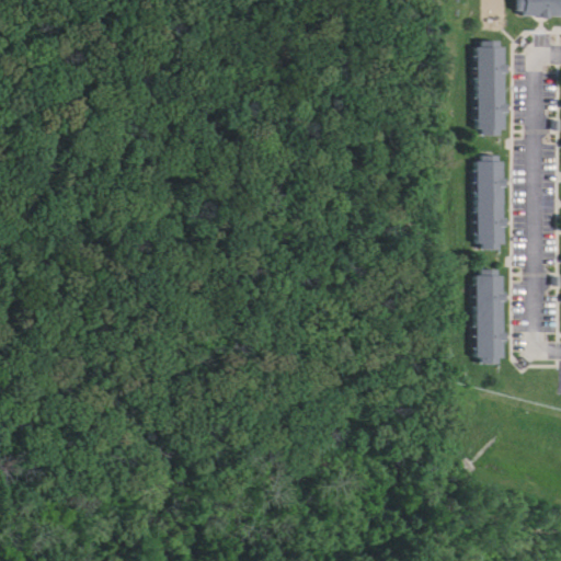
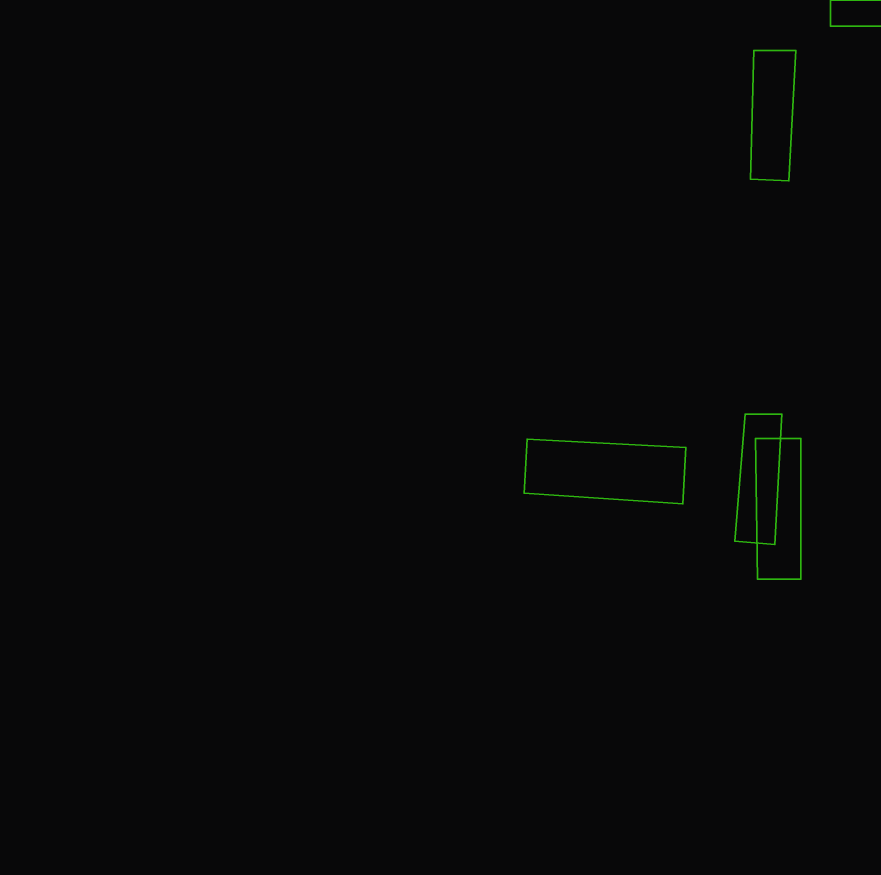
building: [472,158,502,237] -> none
building: none -> [524,439,686,504]

